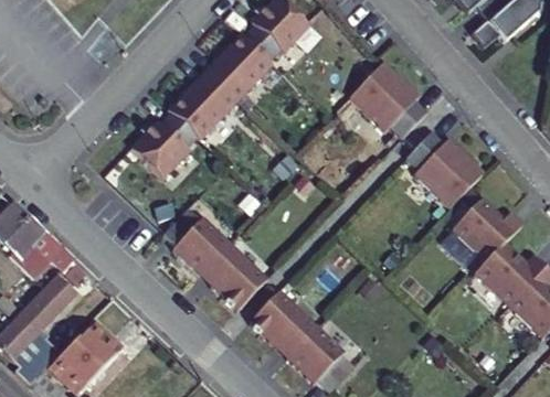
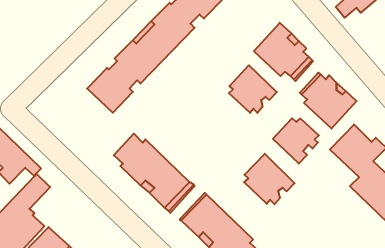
building: none -> [229,65,277,113]
building: none -> [273,118,319,164]
building: none -> [244,154,295,204]

